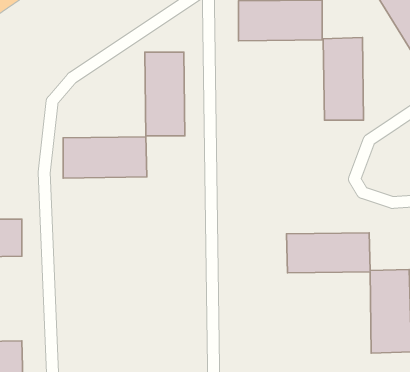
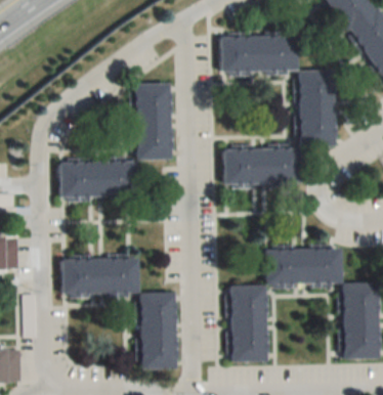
building: none -> [223,148,301,185]
building: none -> [62,258,177,369]
building: none -> [229,286,267,362]

